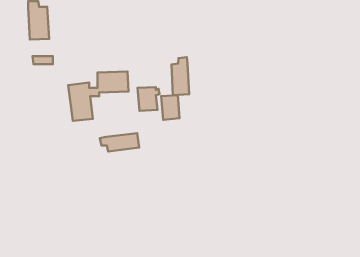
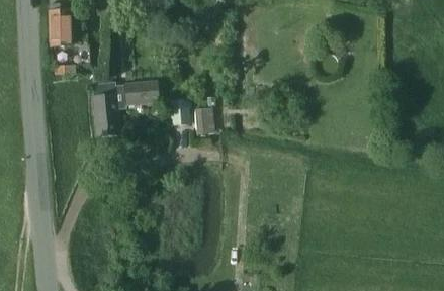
building: [171,57,189,95] -> none
building: [100,133,139,151] -> none

